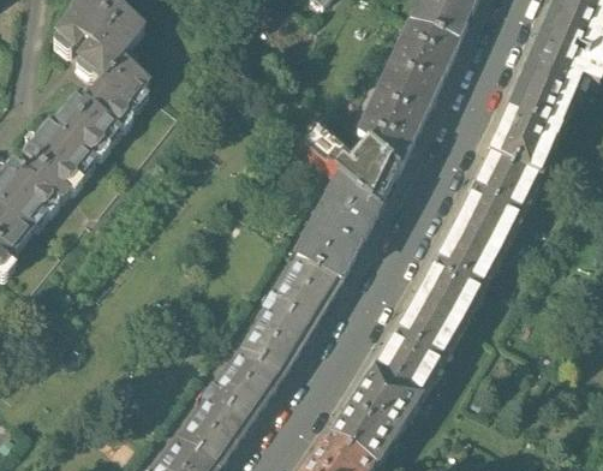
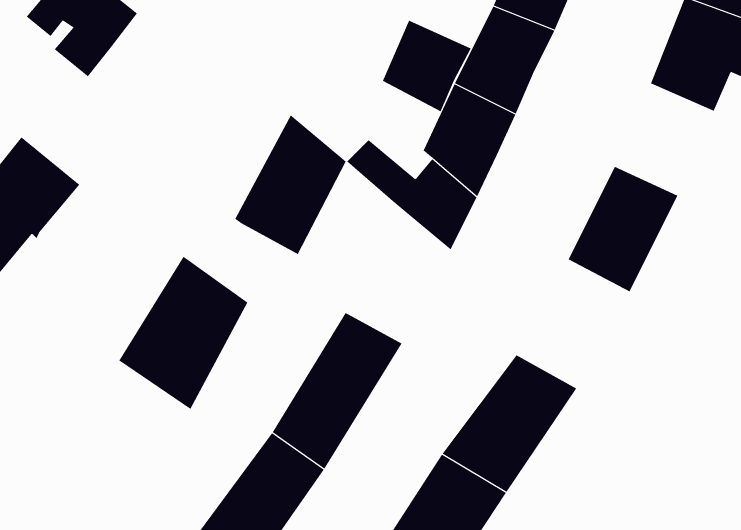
building: none -> [382,20,471,112]
building: [46,52,147,157] -> none
building: [503,79,580,166] -> none
building: [291,172,377,280] -> [234,115,347,255]
building: none -> [119,256,248,410]
building: [428,215,515,315] -> none

